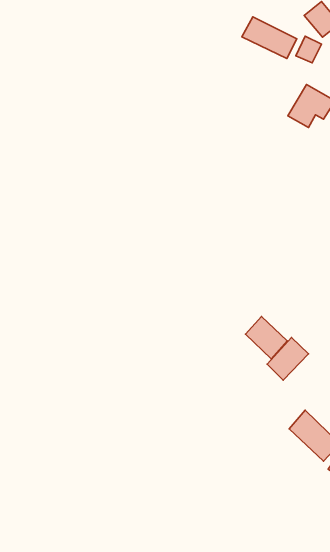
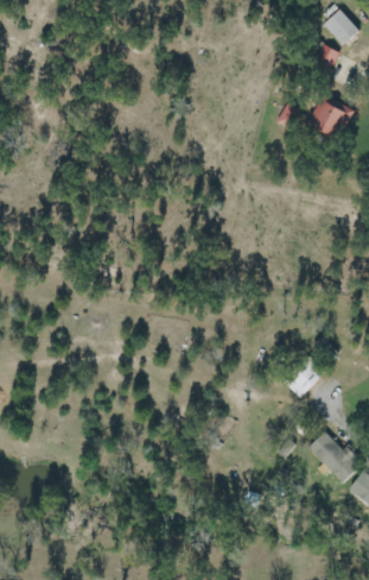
building: [242,17,297,59] -> none
building: [245,316,287,359] -> none

